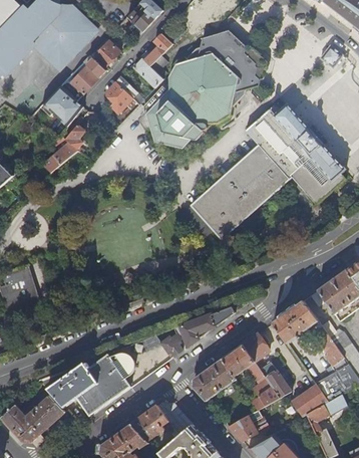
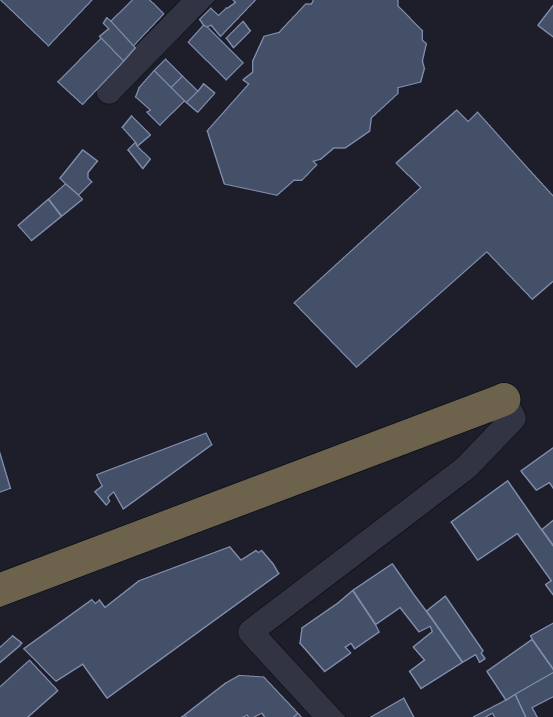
building: [40,85,83,127] -> none
building: [172,306,235,347] -> [95,433,212,509]
building: [242,333,268,362] -> none

